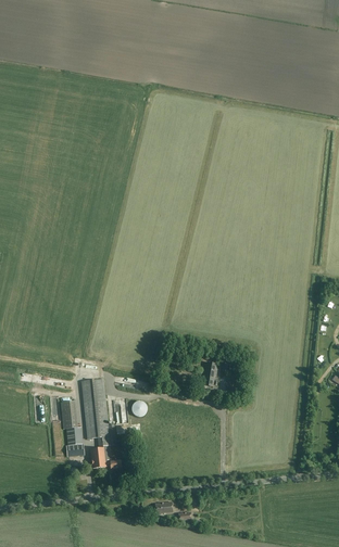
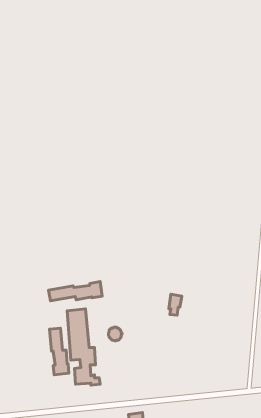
building: none -> [49,282,102,301]

